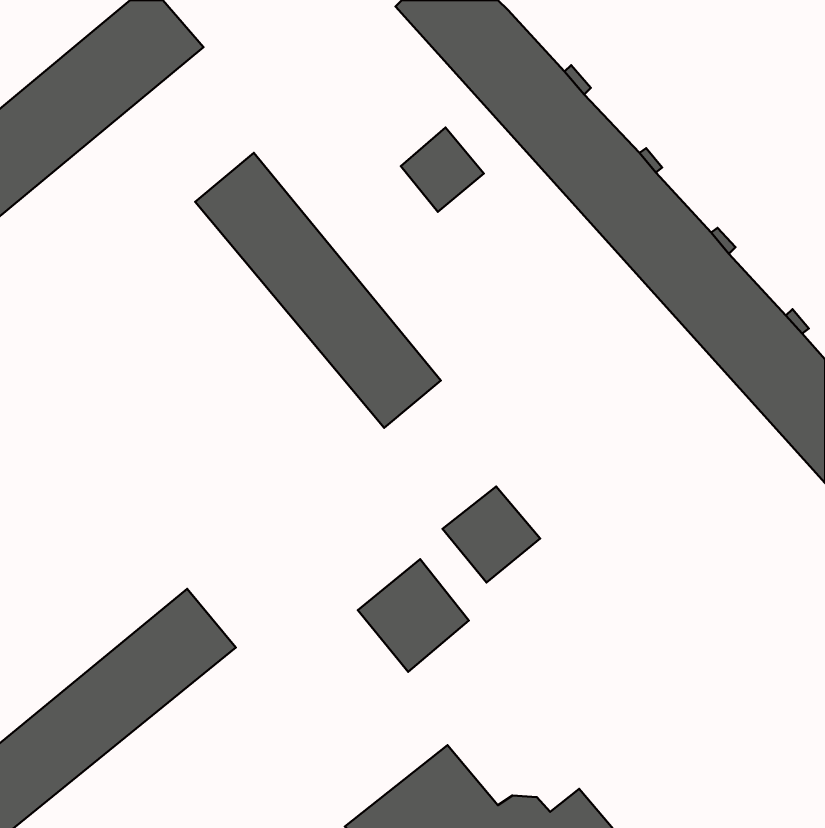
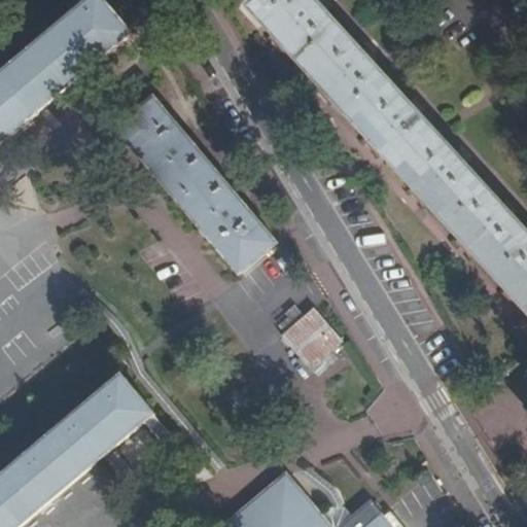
building: [401,128,484,212] -> none
building: [358,559,469,672] -> none

